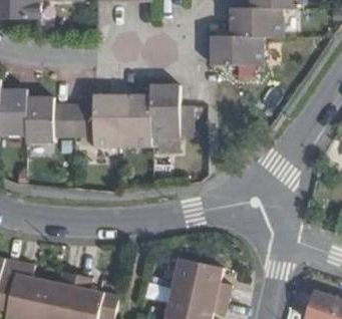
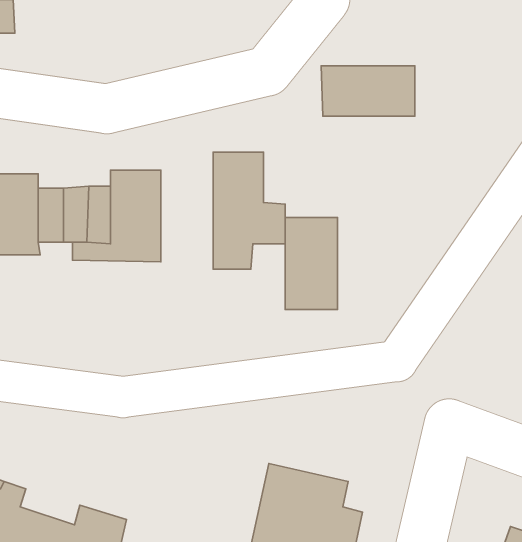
building: [228,7,280,37] -> none
building: [119,95,148,146] -> [285,218,337,309]

